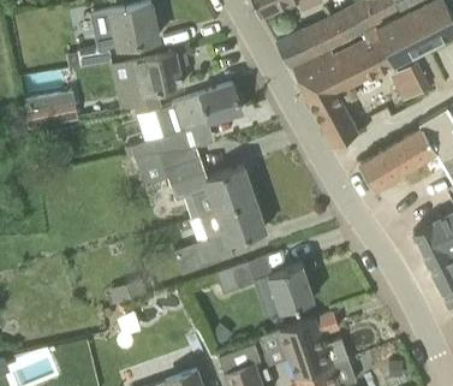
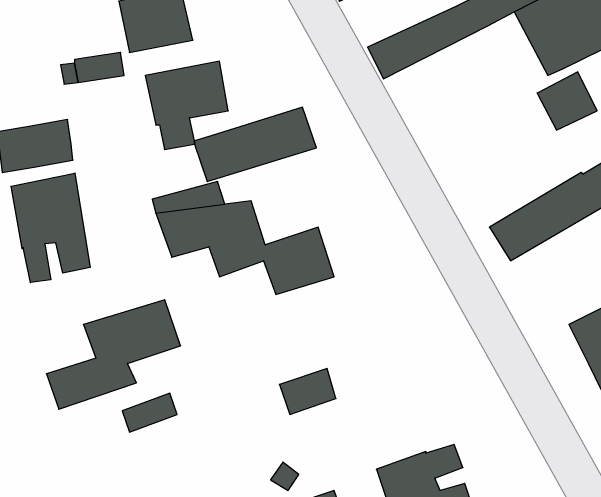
building: [292,19,399,144] -> none
building: none -> [11,173,90,283]
building: [173,200,264,274] -> [46,300,181,409]
building: [267,263,314,311] -> none

